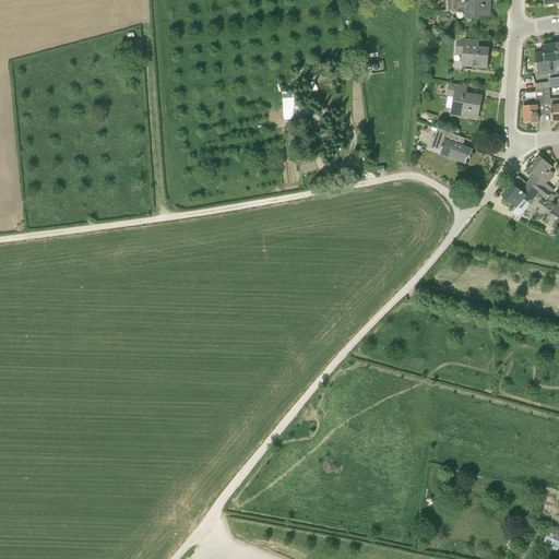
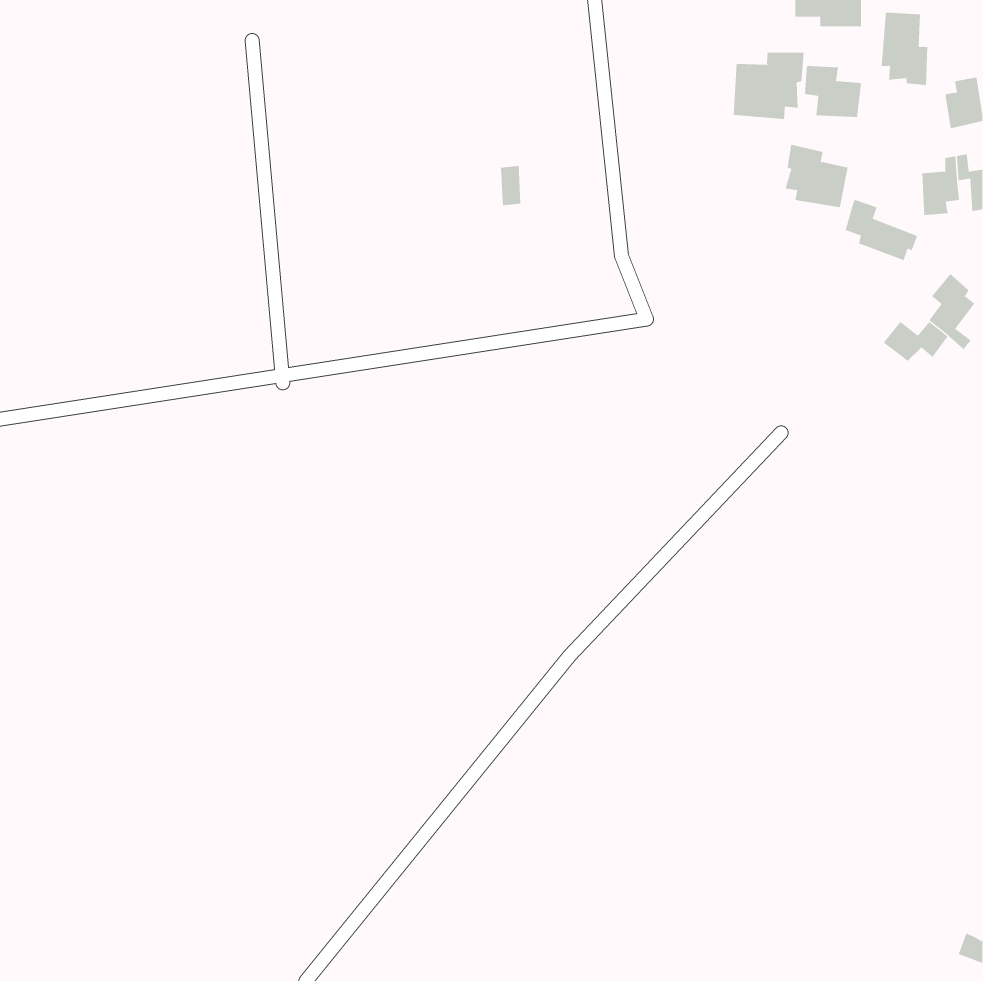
building: none -> [881,12,928,86]
building: none -> [733,52,804,120]
building: [431,128,473,163] -> [845,199,918,261]

